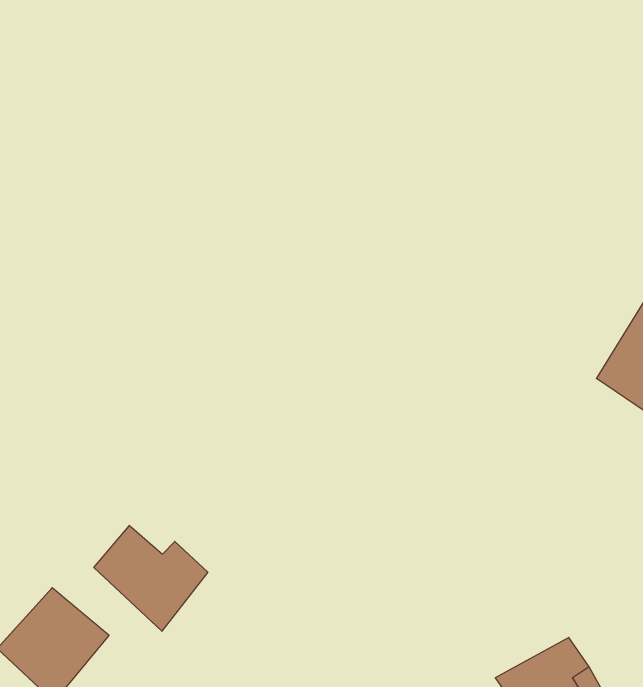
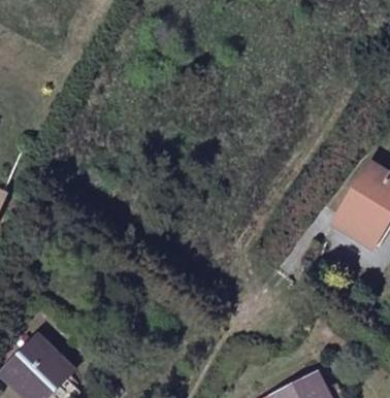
building: [94,525,208,631] -> none

